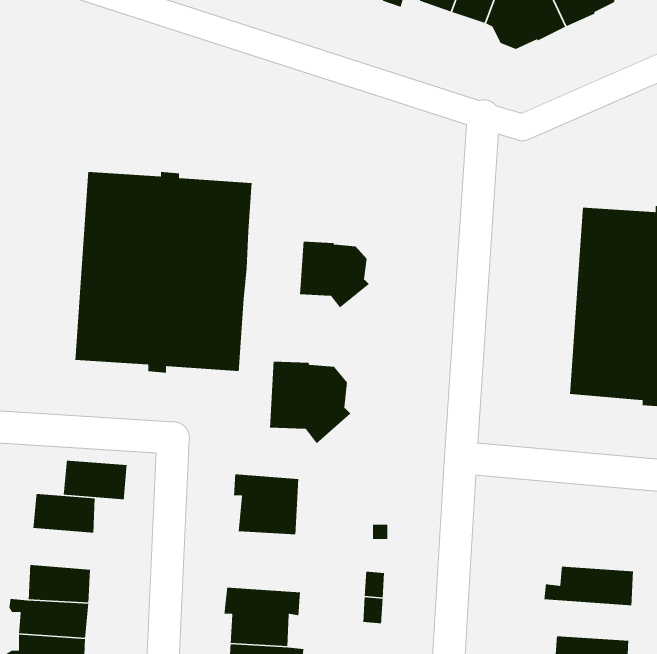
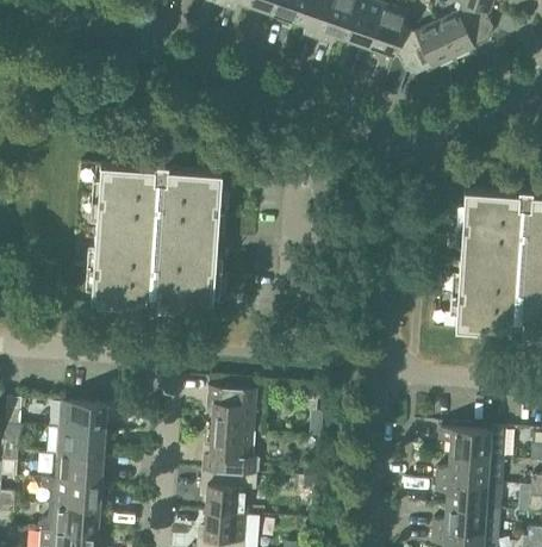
building: [299,241,370,308] -> none
building: [269,361,351,444] -> none
building: [63,460,128,500] -> [57,428,105,458]
building: none -> [438,427,505,459]
building: none -> [203,430,258,474]
building: none -> [436,480,501,510]

